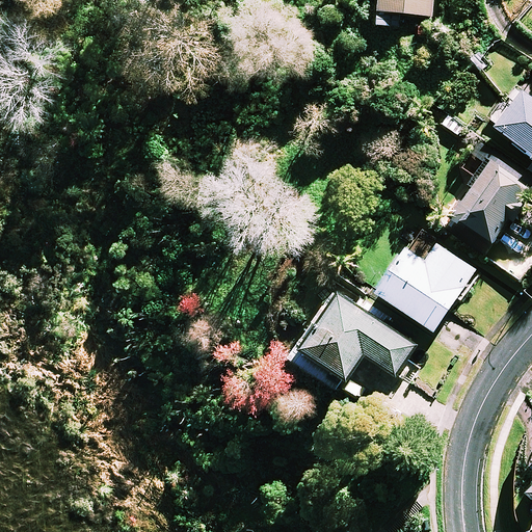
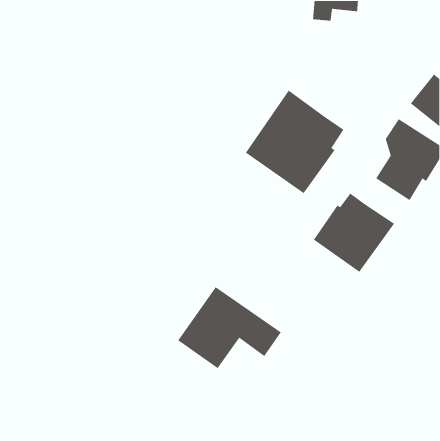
building: none -> [245,90,344,194]
building: [290,290,416,390] -> [177,286,282,369]

